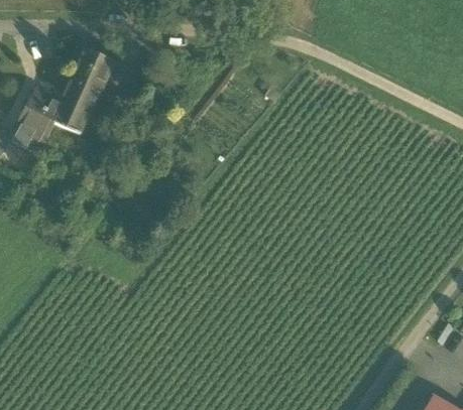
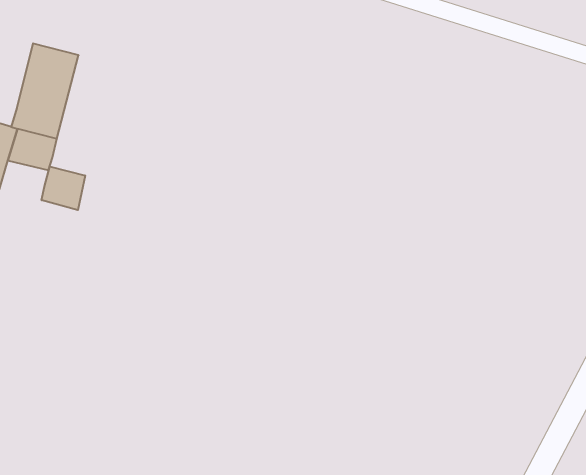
building: none -> [42,167,85,210]

